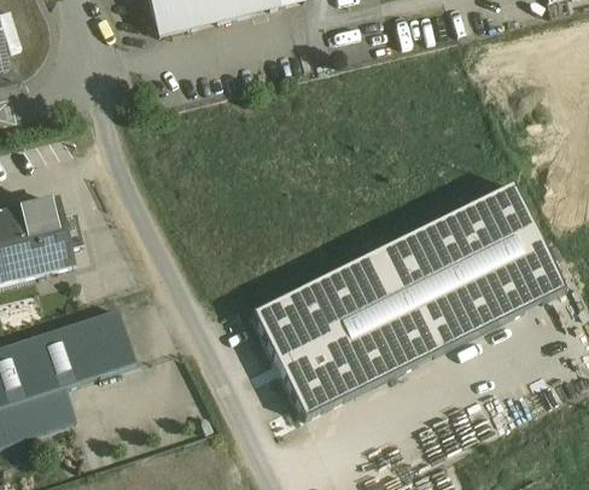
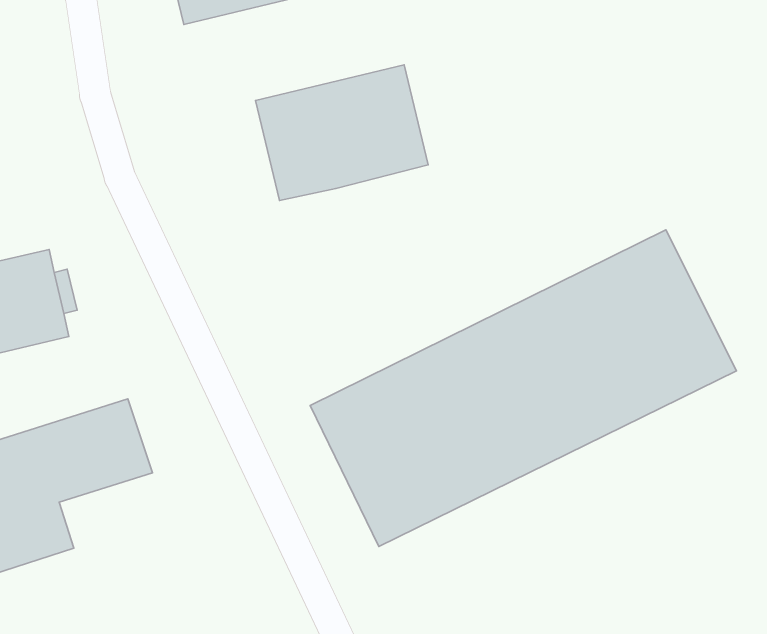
building: none -> [255,65,428,201]

